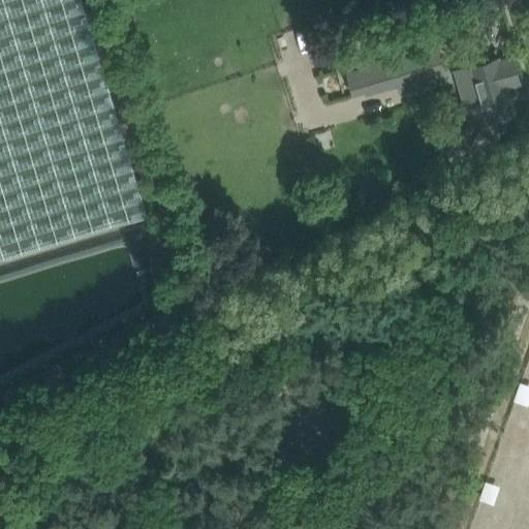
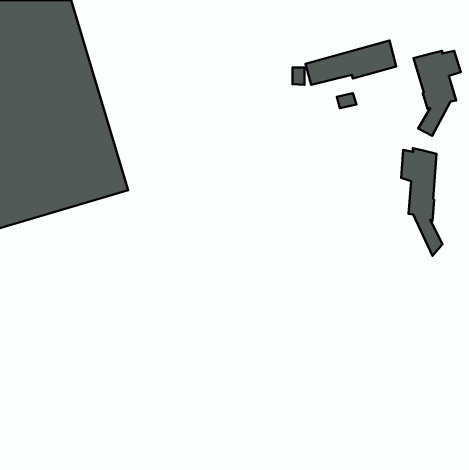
building: none -> [401,148,443,256]

